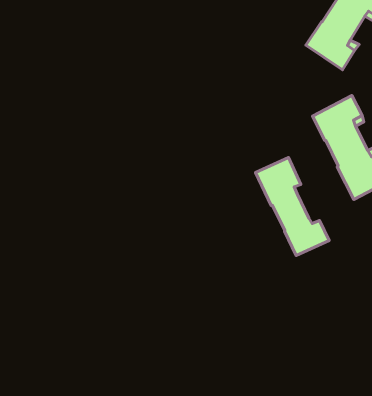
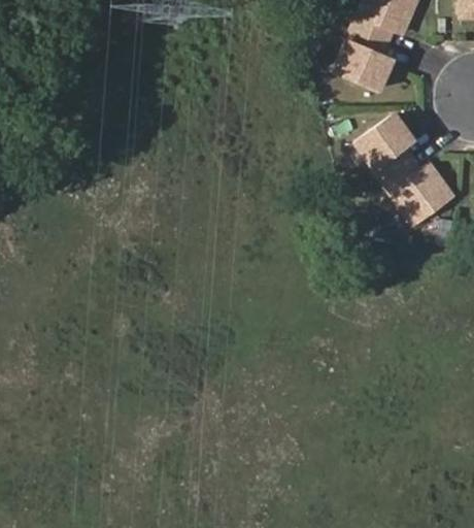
building: [255,157,329,256] -> none

